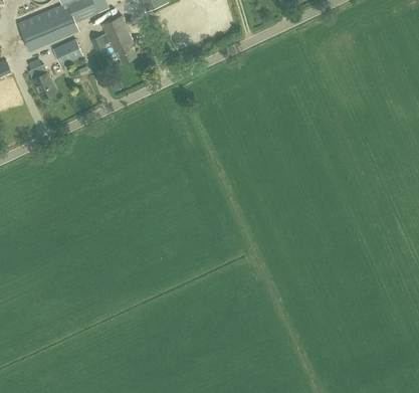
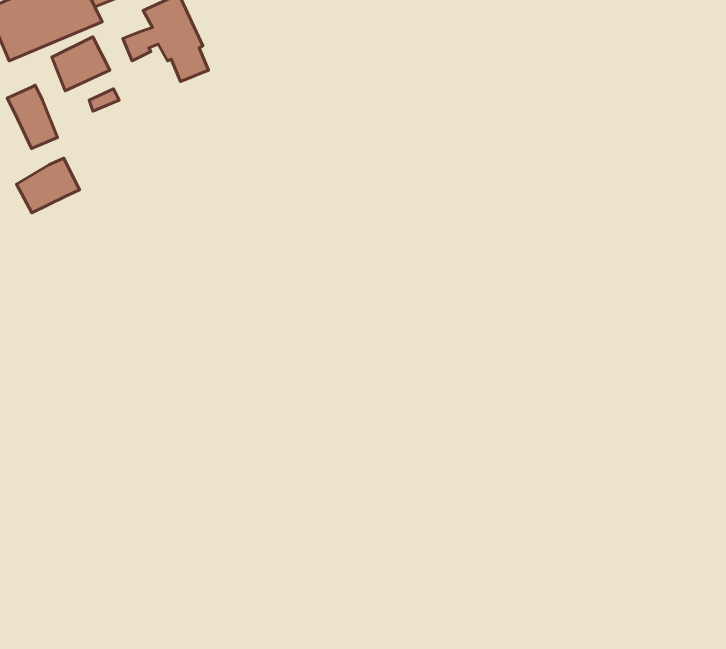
building: none -> [17,158,80,213]

